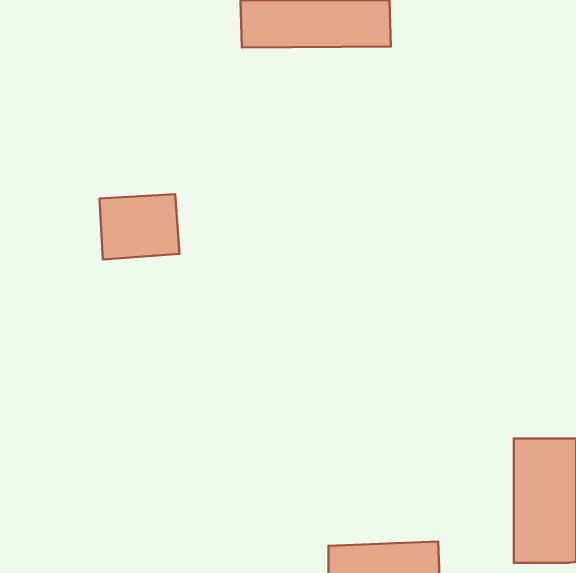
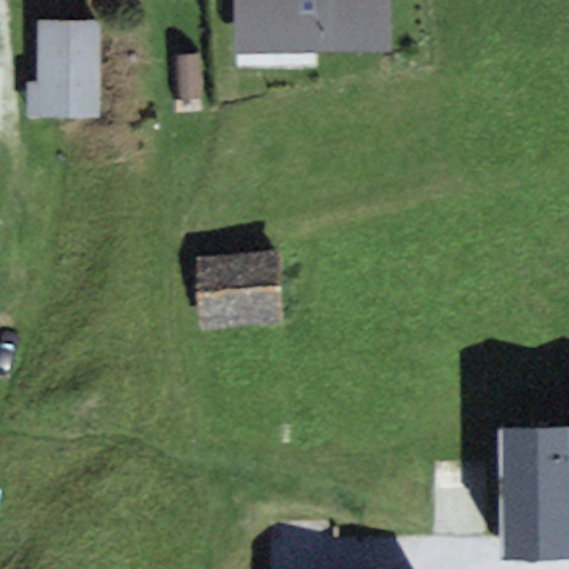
building: none -> [33,12,101,110]
building: [99,194,180,260] -> [198,262,277,327]

